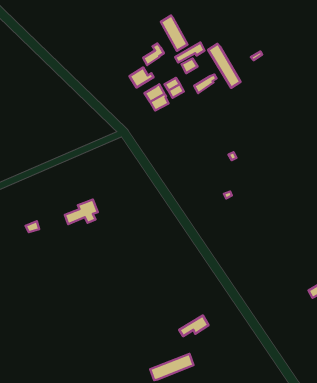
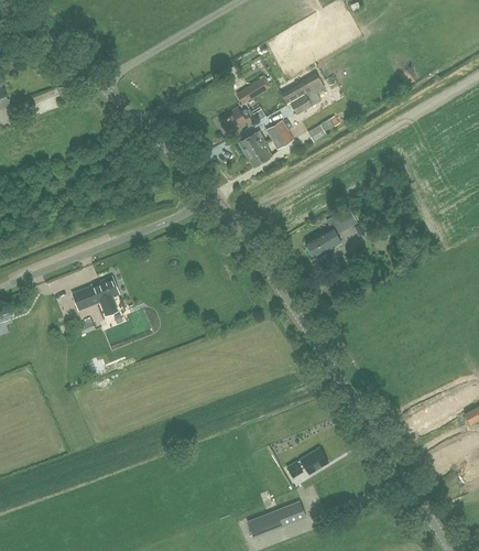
building: [161,16,187,51] -> none
building: [208,44,240,88] -> none
building: none -> [305,208,356,258]
building: [65,200,98,224] -> [74,277,119,311]

